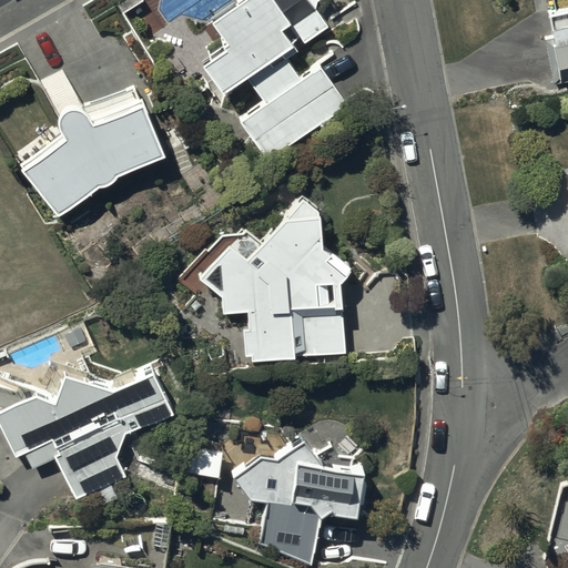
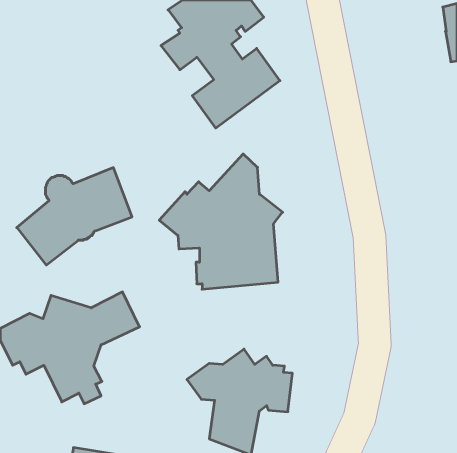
building: [21,93,164,214] -> [17,168,132,265]

